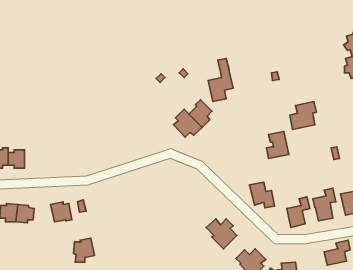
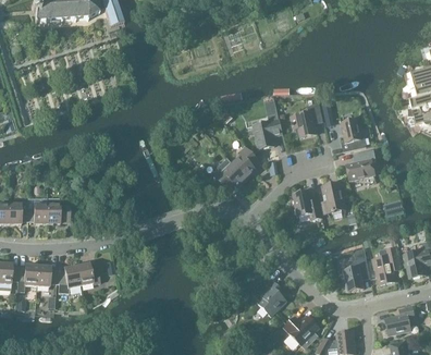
building: none -> [291,103,322,135]
building: none -> [341,118,366,150]
building: none -> [46,197,66,223]
building: [250,182,275,208] -> [293,189,321,219]
building: [73,238,95,262] -> [56,265,79,292]

